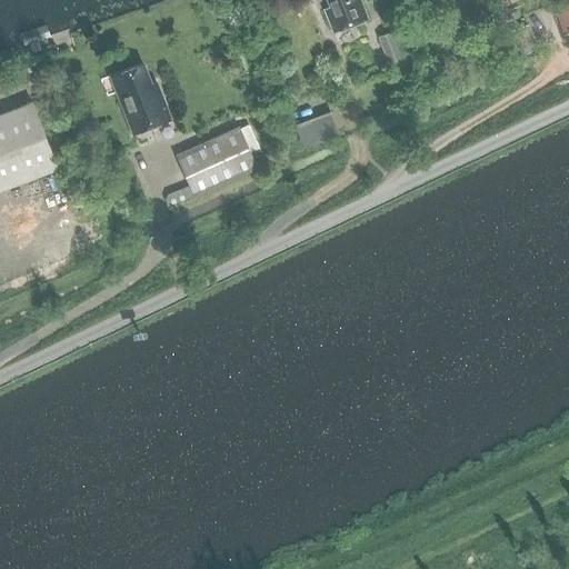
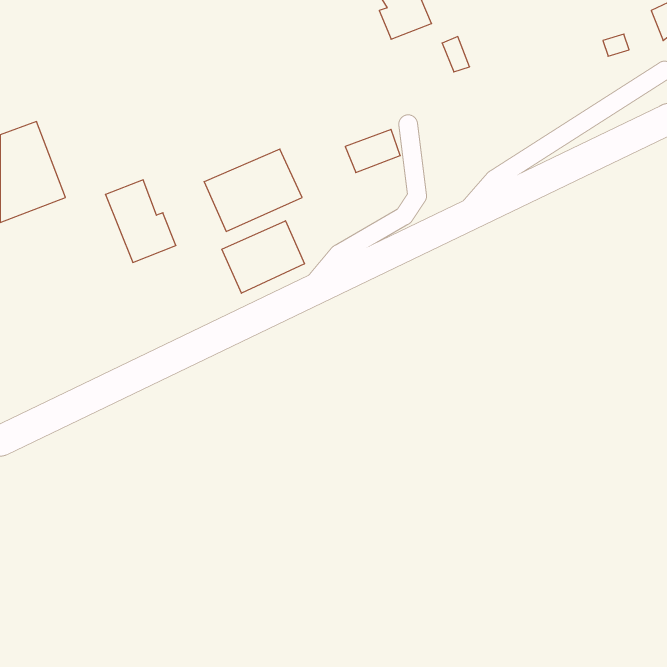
building: [110,62,170,132] -> [105,180,176,262]
building: none -> [222,221,304,293]

